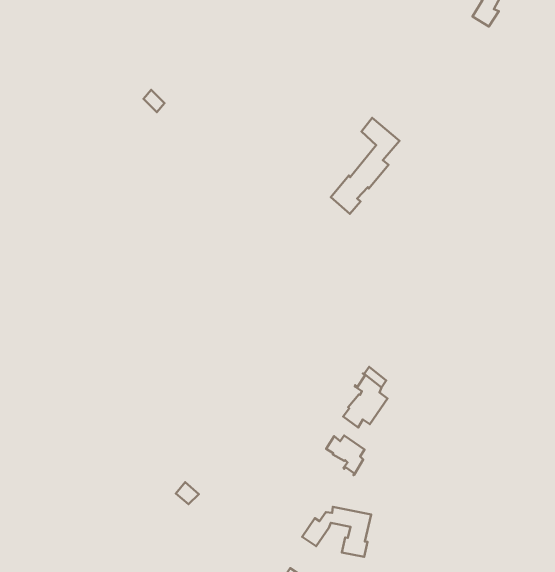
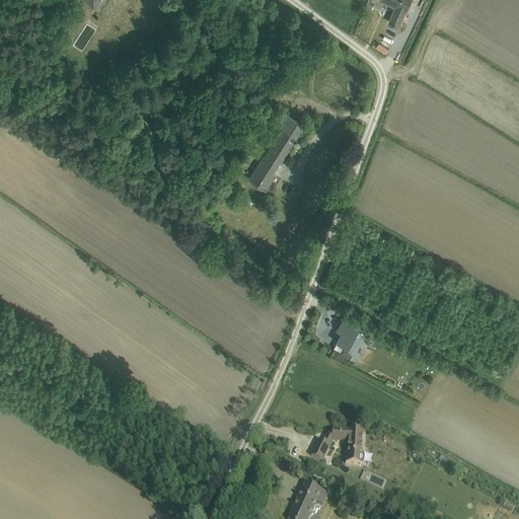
building: [331,118,400,214] -> [250,106,299,186]
building: [326,435,365,475] -> none

